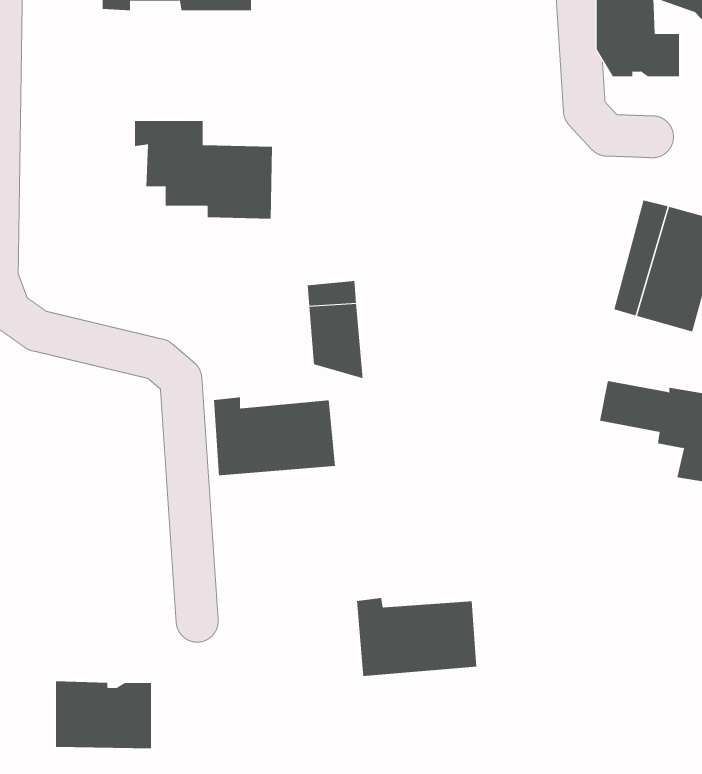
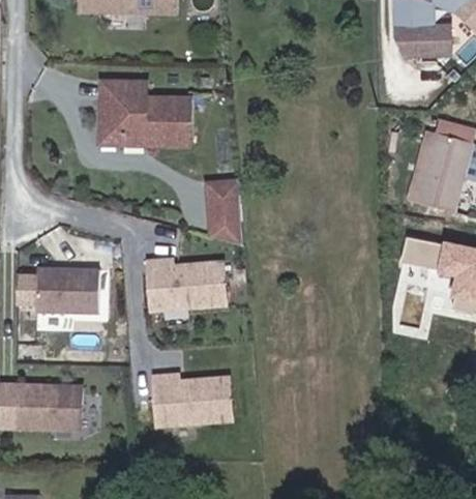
building: none -> [96,94,144,141]
building: none -> [35,266,98,310]
building: [356,597,477,677] -> [154,374,232,424]
building: [55,681,152,749] -> [19,383,81,427]

